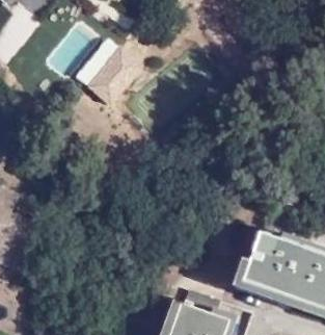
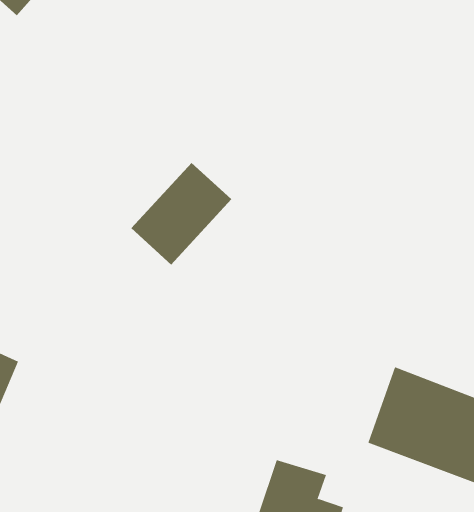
building: [77,45,139,108] -> [131,162,232,265]

